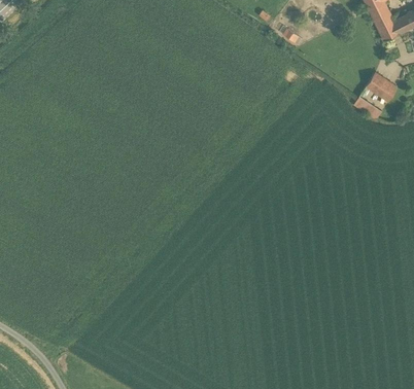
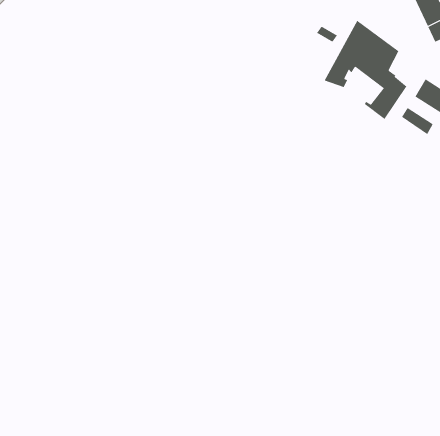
building: none -> [324,20,407,120]

